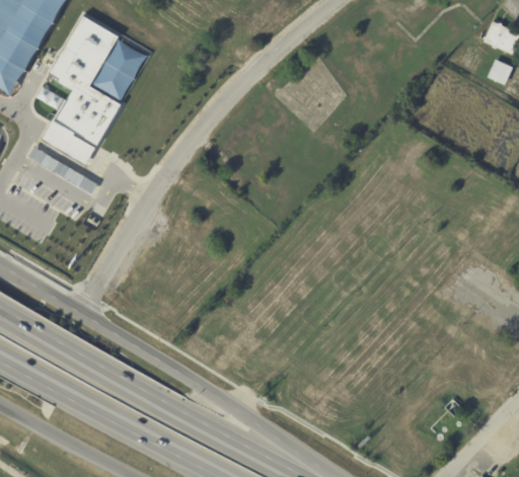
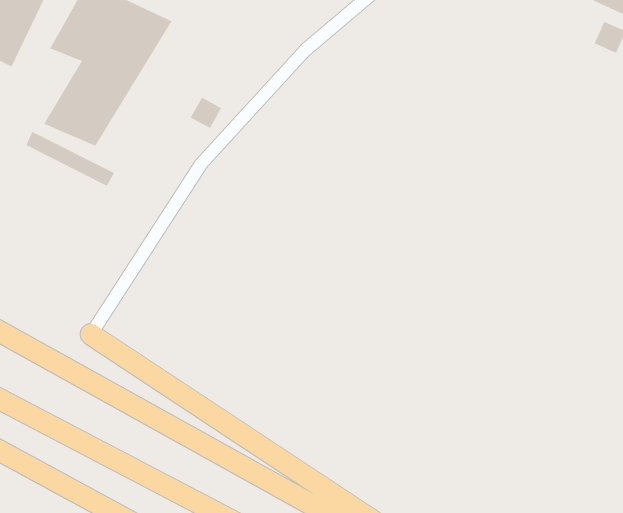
building: none -> [190,97,222,129]

